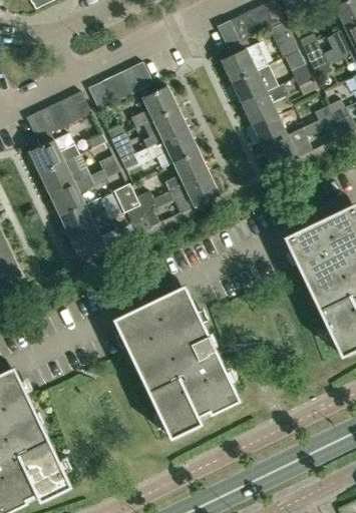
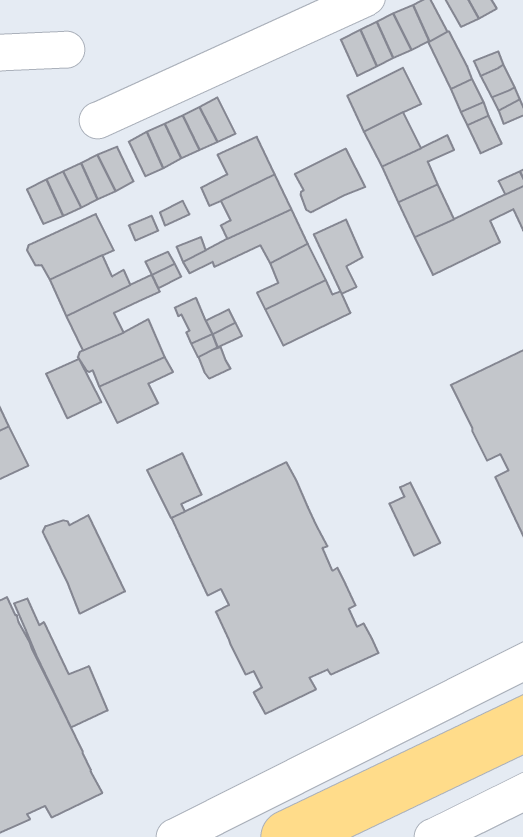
building: none -> [295,149,365,212]
building: none -> [314,219,363,294]
building: none -> [46,359,101,418]
building: none -> [147,453,202,518]
building: none -> [389,482,440,556]
building: none -> [43,515,125,614]
building: none -> [14,598,108,728]

